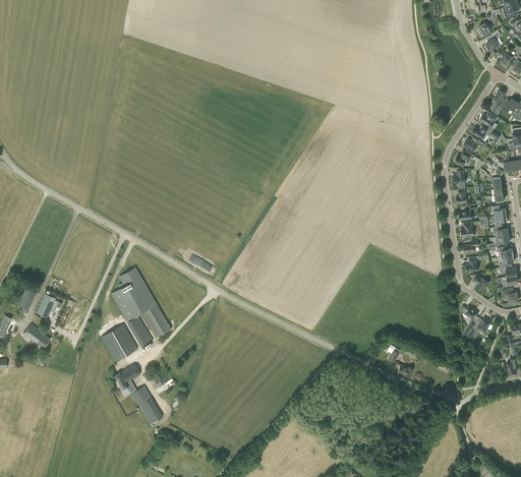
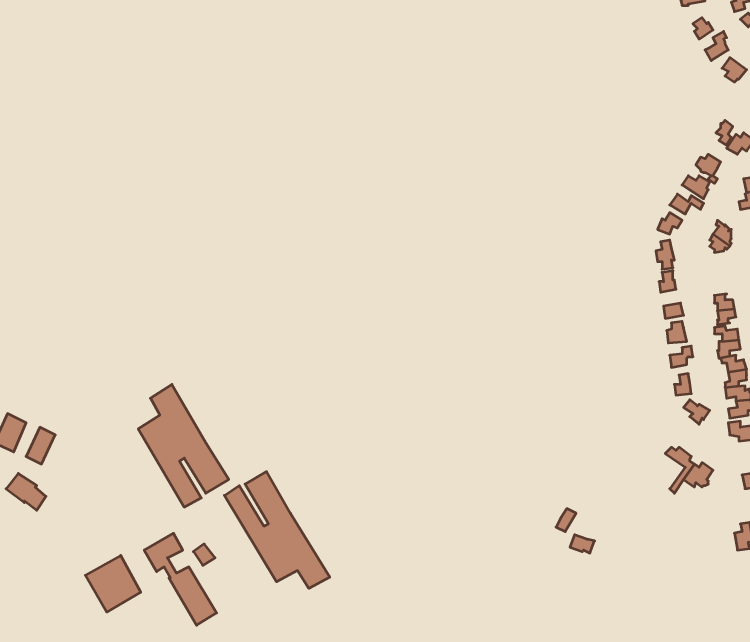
building: none -> [224,472,330,588]
building: [101,324,137,362] -> [85,555,141,612]

